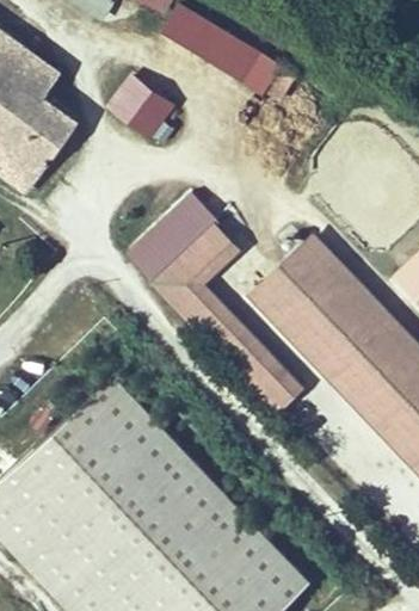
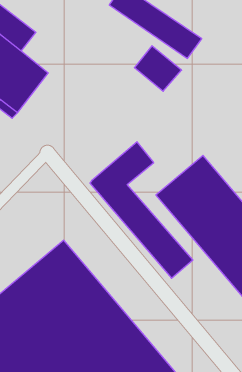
building: [107,74,177,140] -> [134,46,182,91]
building: [127,195,215,282] -> none

